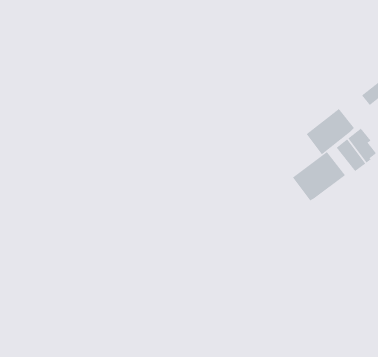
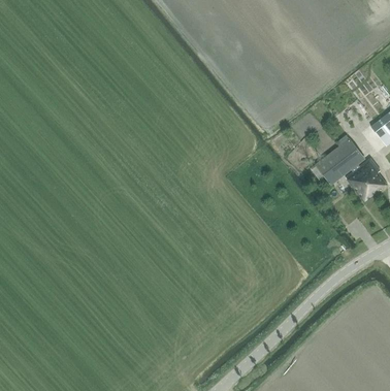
building: [292,151,346,201] -> none

